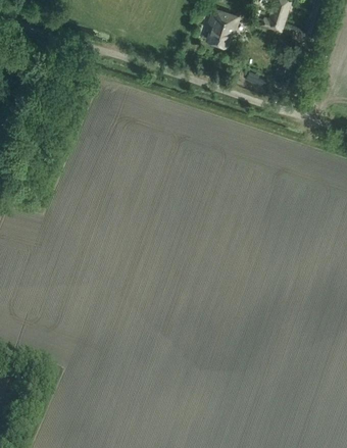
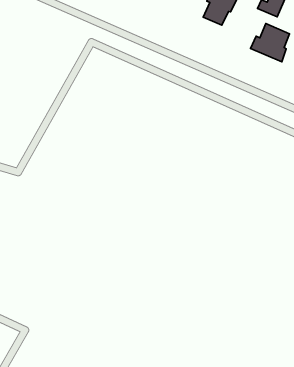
building: none -> [251,23,289,62]

